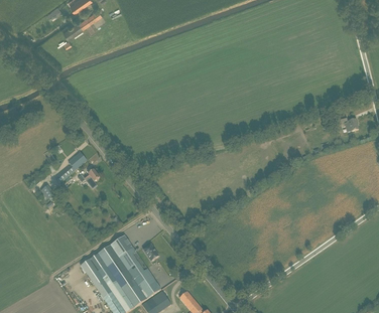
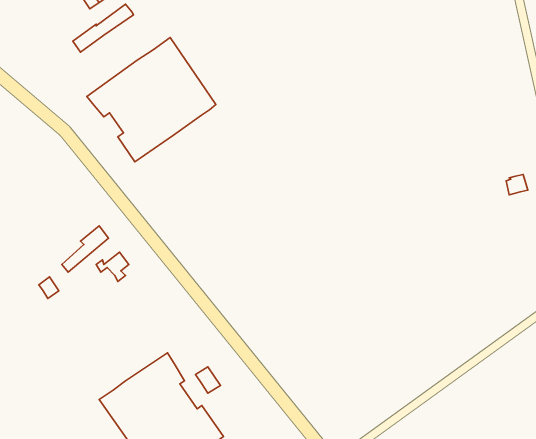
building: none -> [87,38,216,162]

